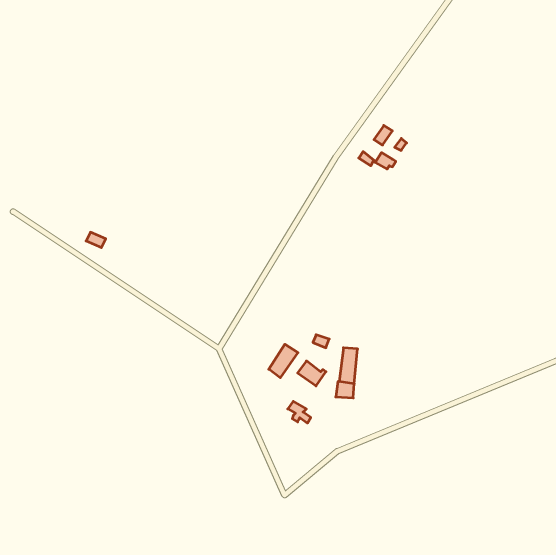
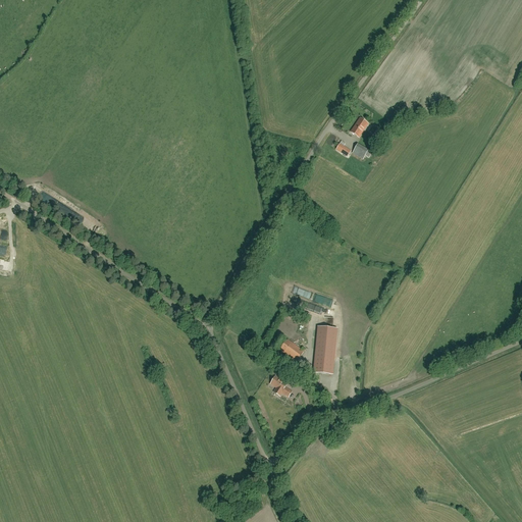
building: [269,344,298,378] -> none

